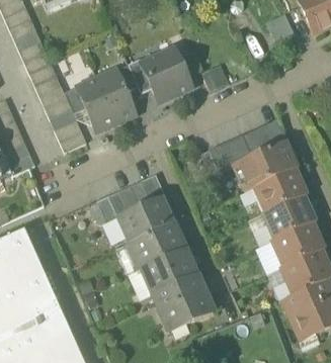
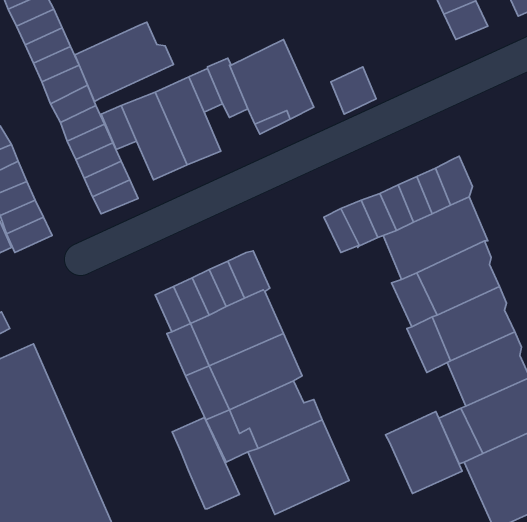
building: none -> [75,22,173,101]
building: none -> [385,412,462,494]
building: none -> [172,417,240,509]

